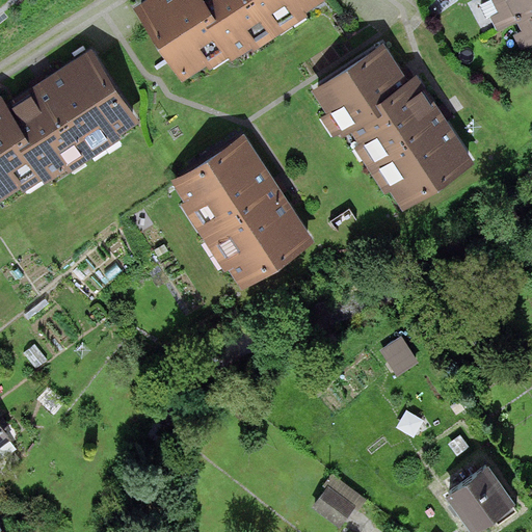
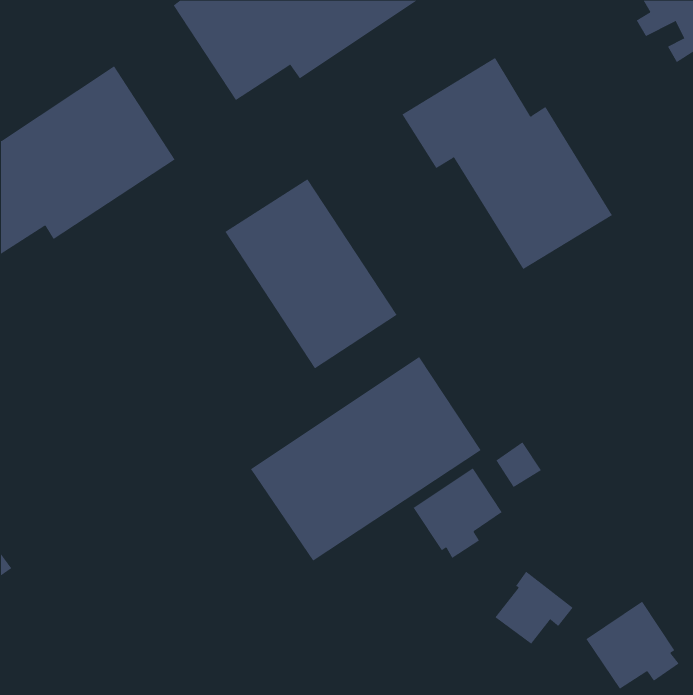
building: none -> [250,356,481,562]
building: none -> [413,468,502,559]
building: [313,469,373,525] -> [495,571,574,645]

